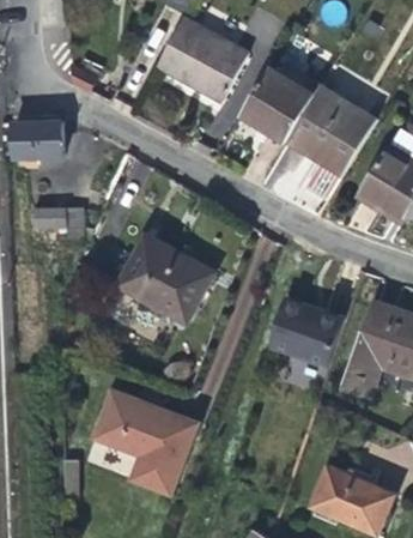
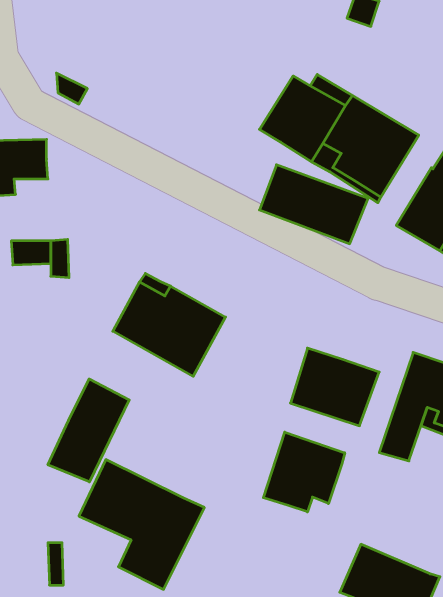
building: [156,16,247,101] -> none
building: none -> [48,379,129,482]
building: none -> [263,432,345,512]

